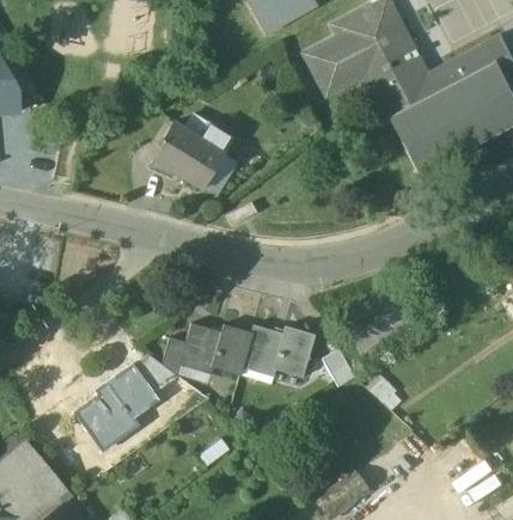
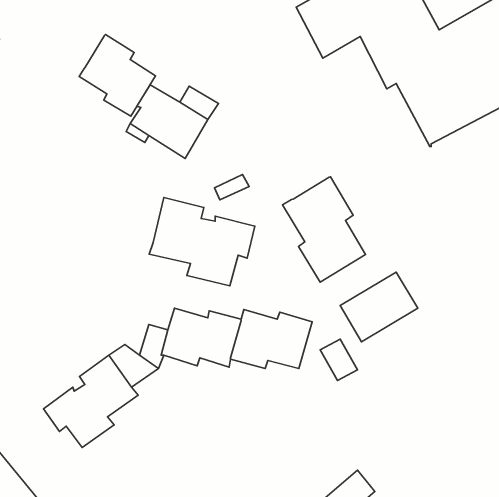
building: none -> [79,34,155,116]
building: none -> [283,177,365,282]
building: none -> [149,197,255,286]

